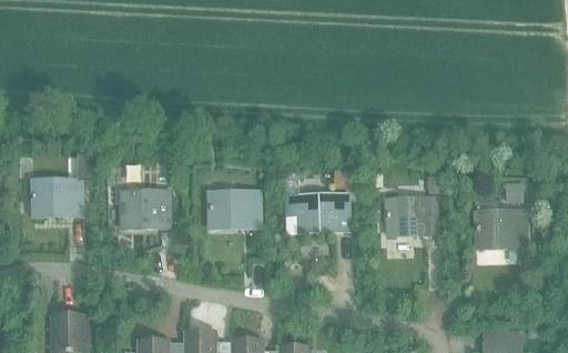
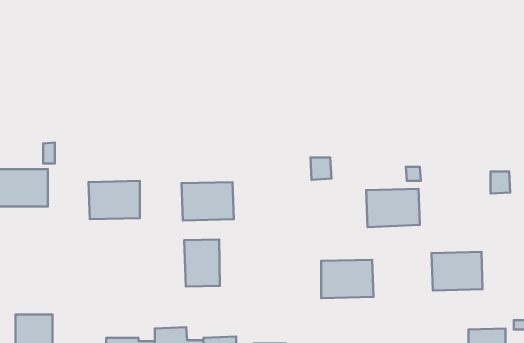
building: [298,195,348,232] -> [321,260,373,298]
building: [476,211,525,248] -> [432,252,483,290]
building: none -> [184,239,220,287]

